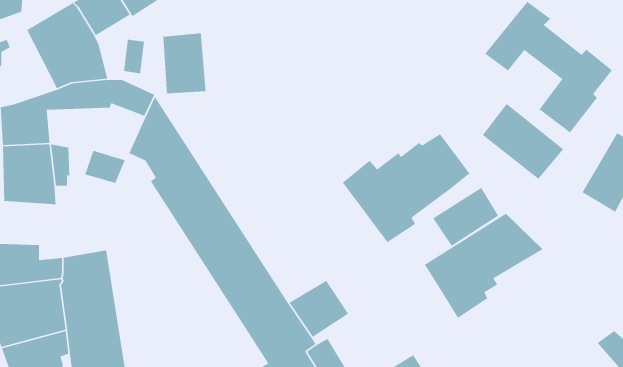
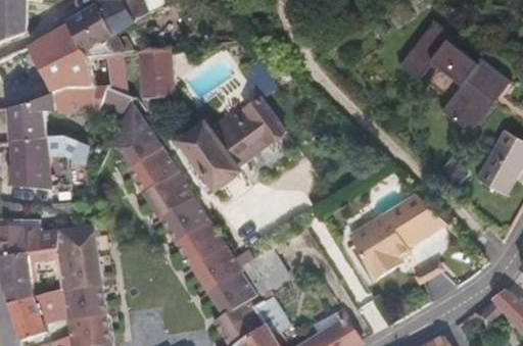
building: [482,103,564,180] -> none
building: [342,133,471,243] -> [180,101,284,190]
building: [432,187,499,247] -> none

